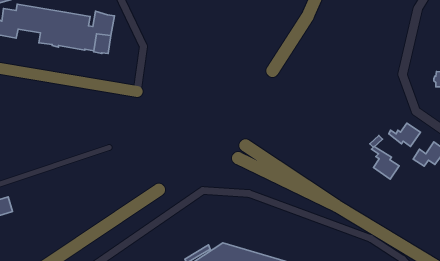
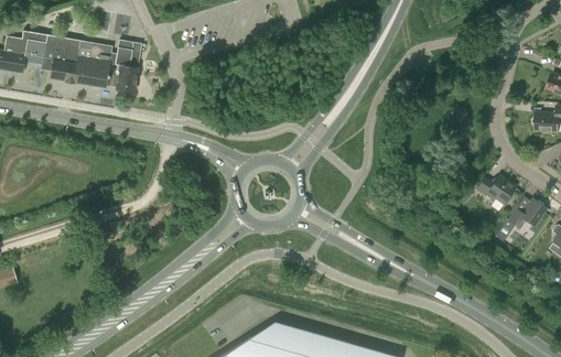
building: [372,147,399,179] -> none

